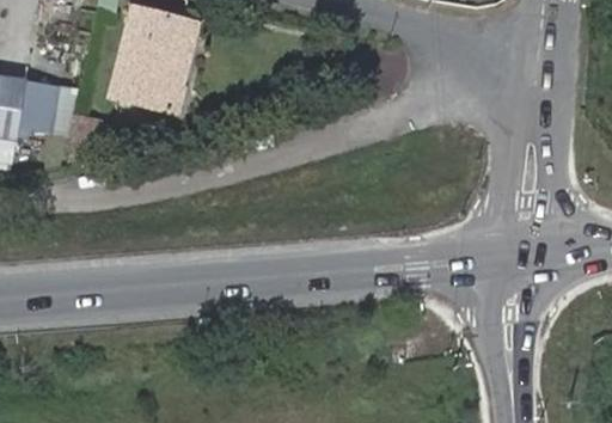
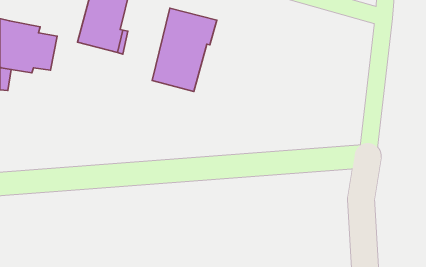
building: none -> [152,8,217,92]

